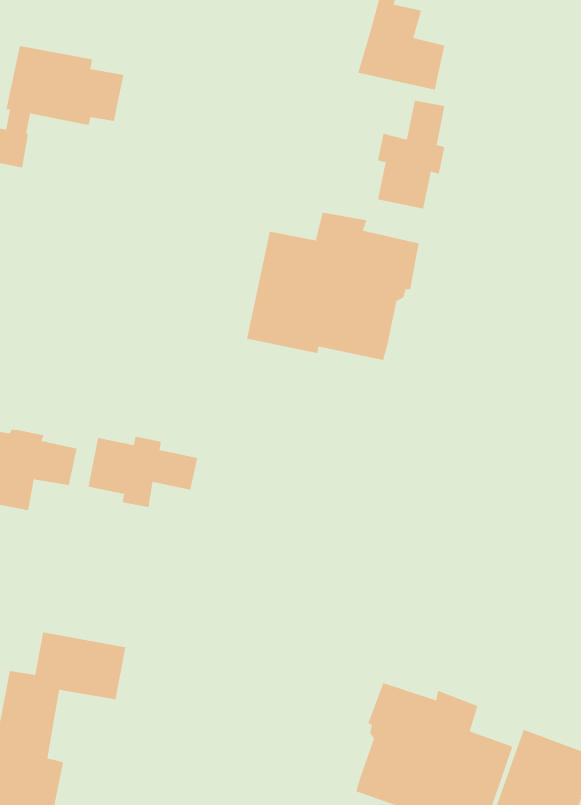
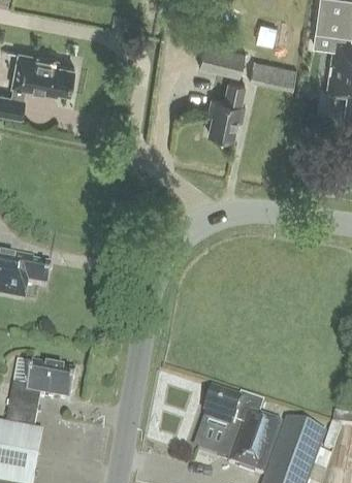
building: none -> [249,59,295,88]
building: [246,212,419,361] -> none
building: [88,436,198,508] -> none

